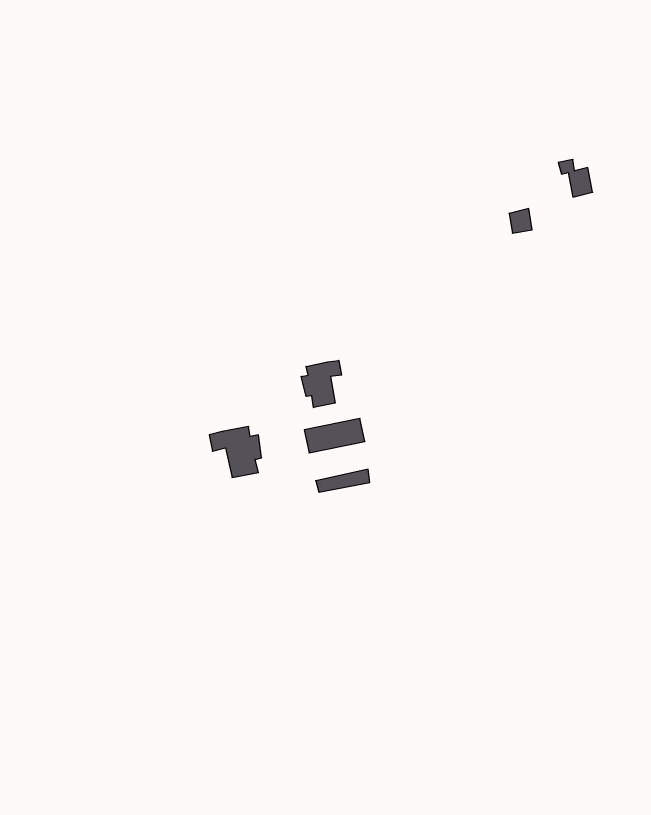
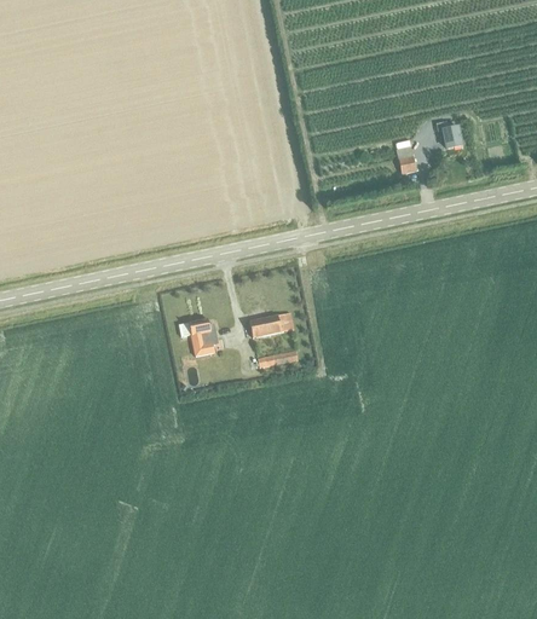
building: [301,360,342,408] -> none

